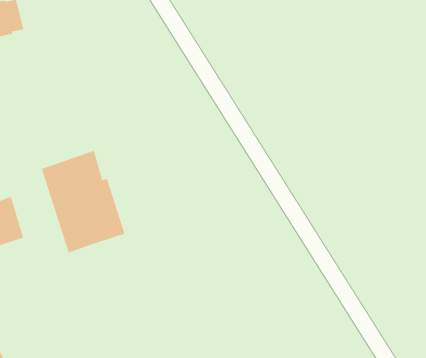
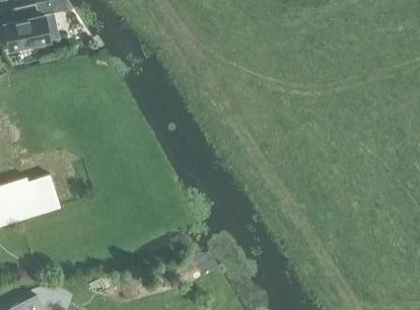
building: [41,150,126,254] -> none

